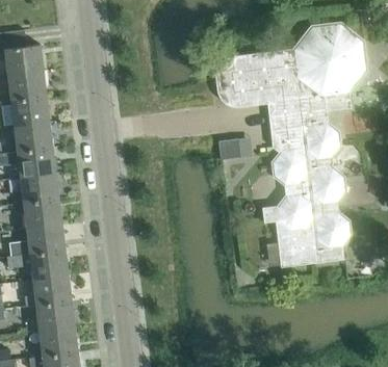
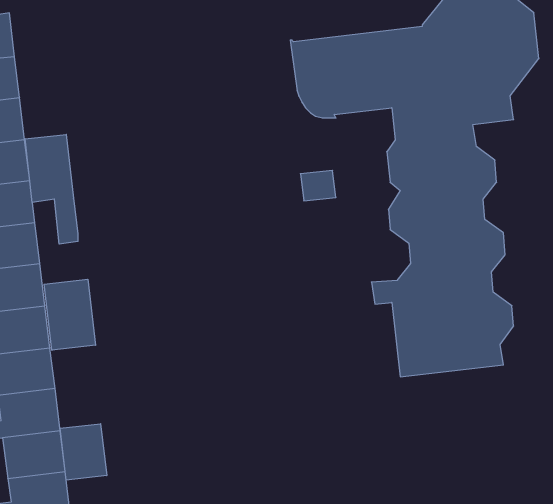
building: none -> [25,134,78,244]
building: none -> [44,279,96,350]
building: none -> [60,424,107,480]

